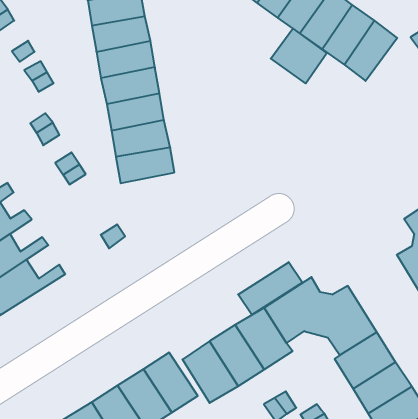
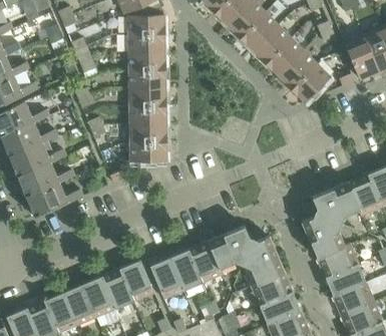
building: [271,29,327,83] -> none
building: none -> [128,141,165,161]
building: [238,262,303,315] -> none

